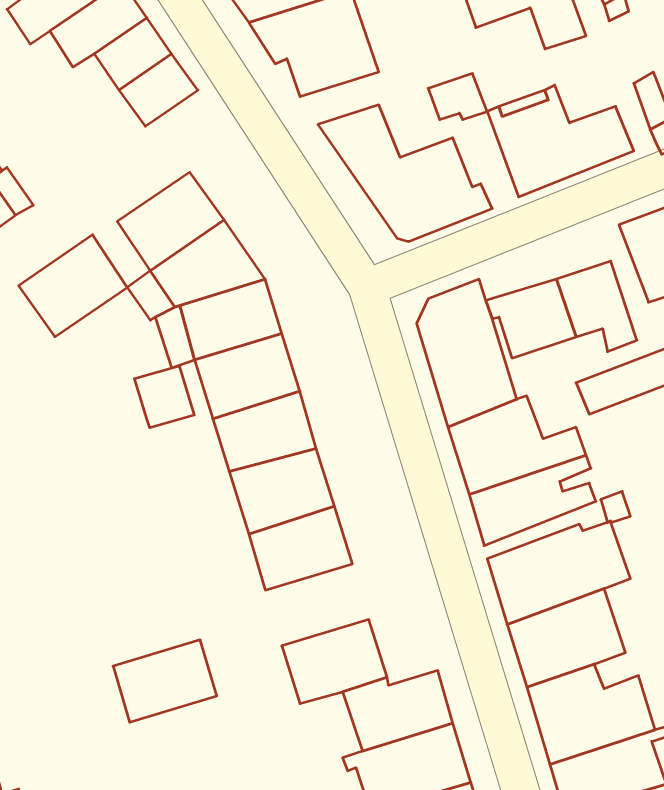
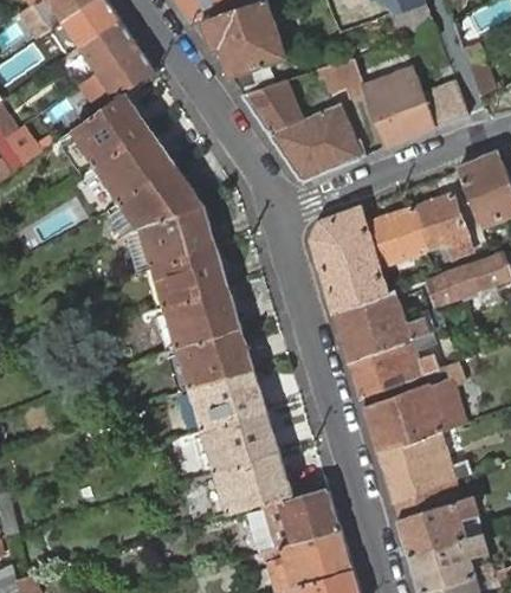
building: [19,235,127,337] -> [70,91,148,165]
building: [134,366,194,428] -> none
building: [113,640,217,722] -> [202,411,277,470]

